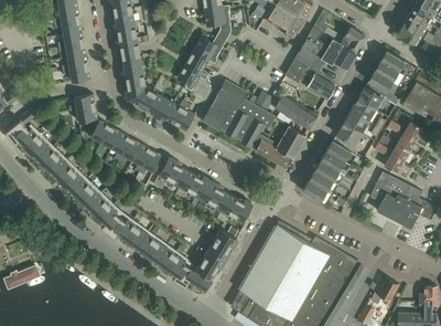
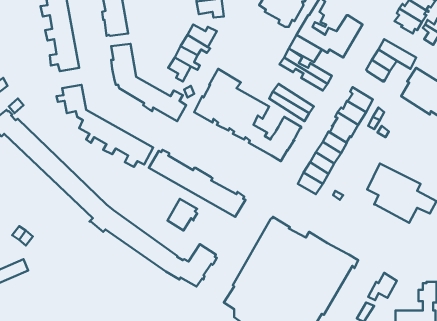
building: [356,81,386,108] -> none
building: [375,120,423,172] -> none
building: [208,228,237,259] -> [167,199,197,231]

